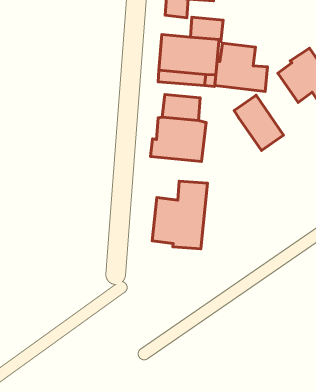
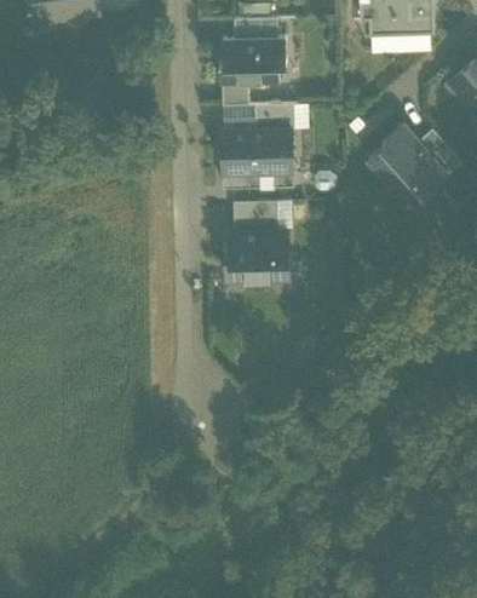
building: [215,43,267,92] -> none
building: [234,95,283,150] -> none
building: [152,181,207,249] -> none

